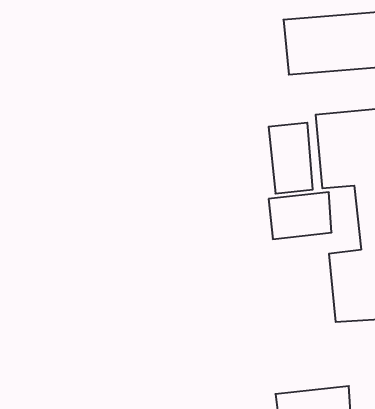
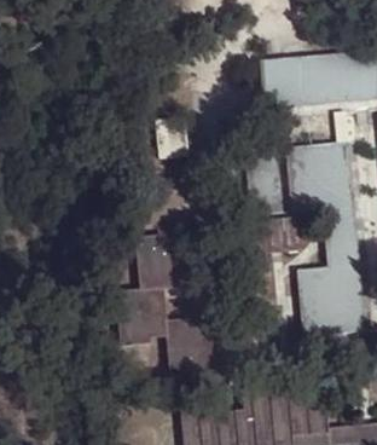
building: none -> [116,239,217,374]

